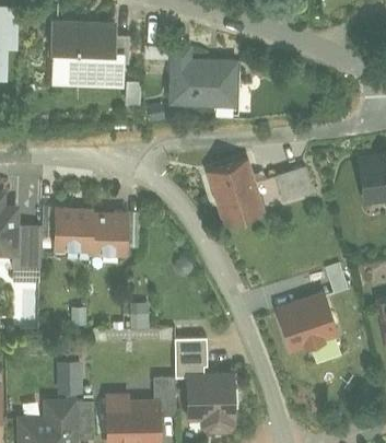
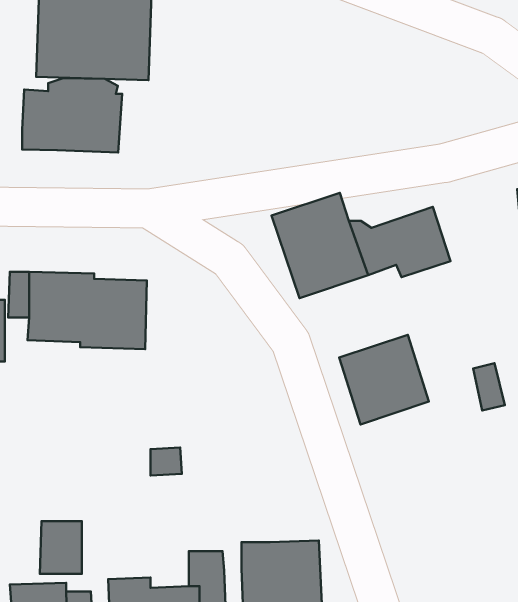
building: [177,46,246,107] -> none
building: none -> [22,78,122,152]
building: [277,291,332,347] -> [339,335,429,424]
building: [173,341,203,392] -> none

